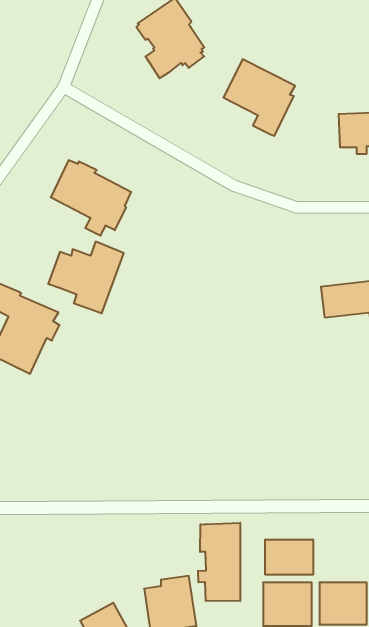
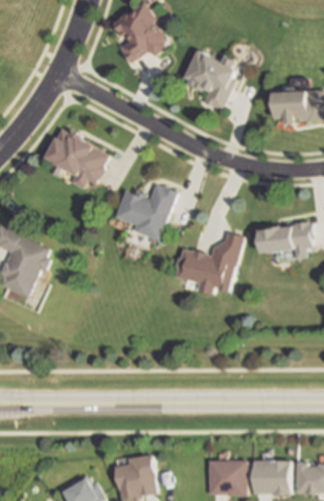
building: [48,242,124,313] -> [114,183,174,239]
building: none -> [175,232,241,293]
building: [198,523,240,601] -> none
building: [265,539,313,575] -> none

